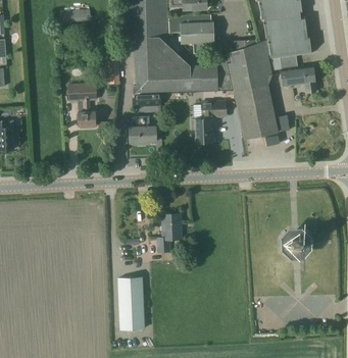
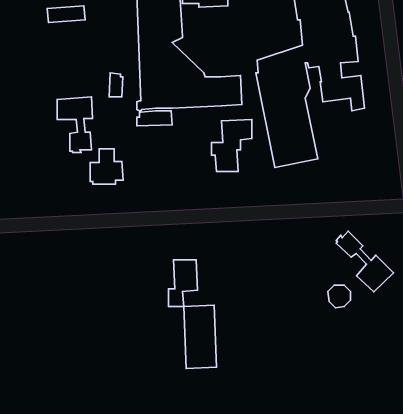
building: [167,15,212,54] -> none
building: [129,116,155,145] -> [90,149,123,184]
building: none -> [336,231,394,292]
building: [117,278,144,329] -> [184,305,217,368]

